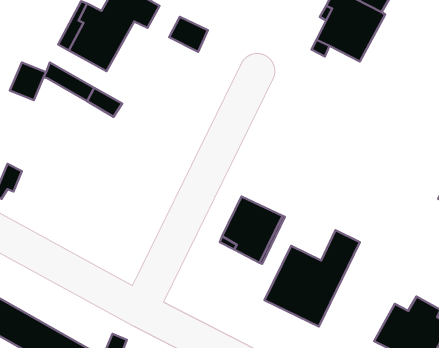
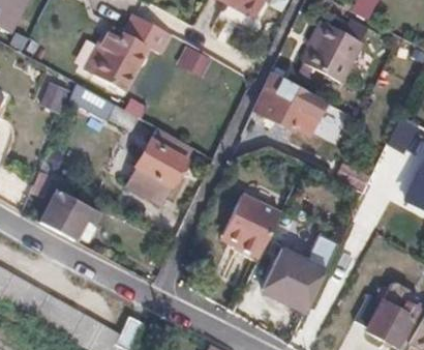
building: none -> [254,72,328,133]
building: none -> [122,128,191,206]
building: none -> [40,192,99,240]

